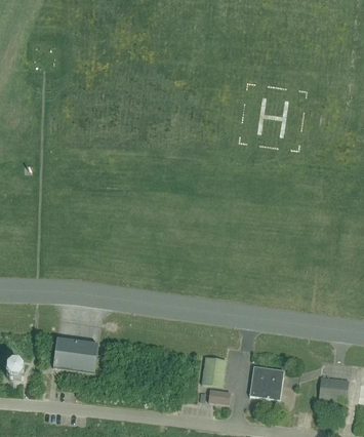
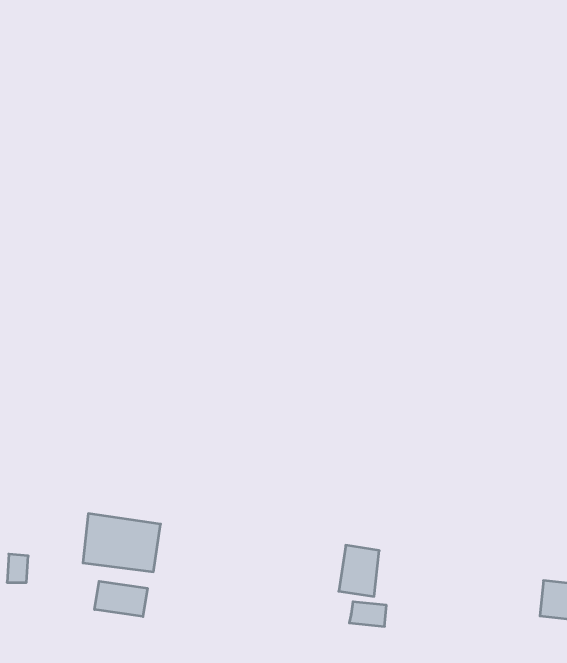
building: [249,365,284,399] -> none
building: none -> [95,581,147,617]

